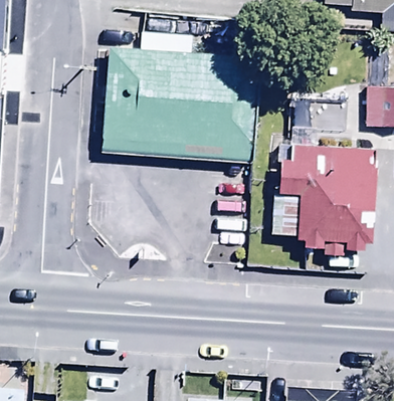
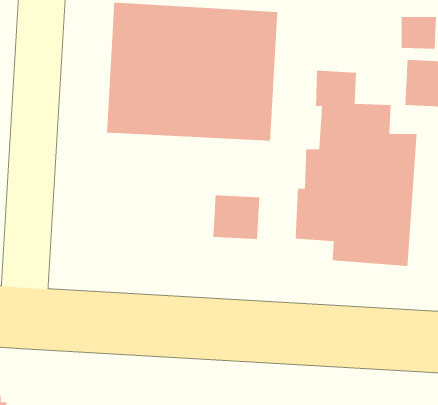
building: none -> [213,195,260,240]

